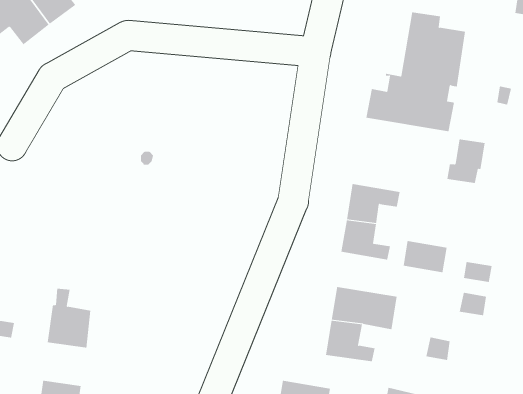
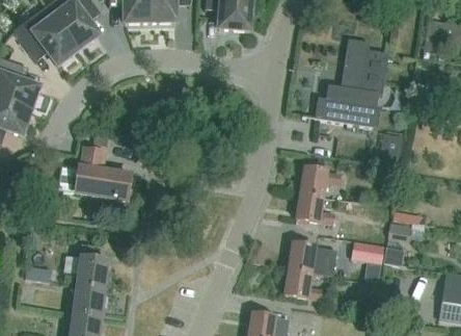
building: none -> [77,146,131,209]
building: [403,241,447,273] -> [352,240,385,264]
building: none -> [74,285,107,317]

